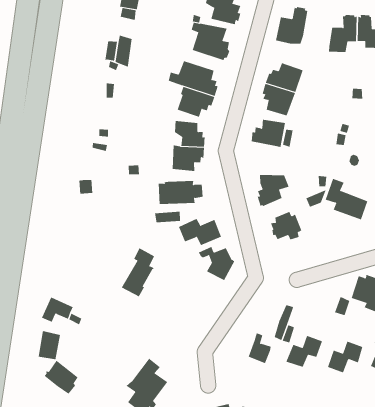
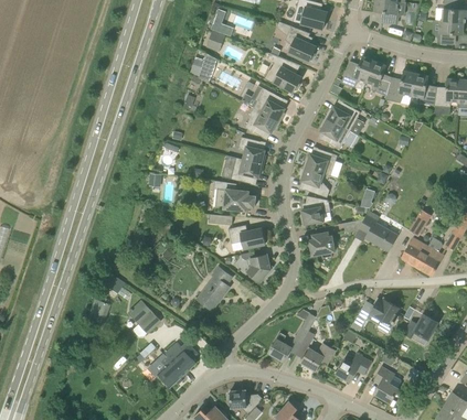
building: none -> [367,60,392,95]
building: none -> [301,165,330,196]
building: [121,248,155,297] -> [198,266,232,309]
building: [44,360,78,395] -> [129,300,159,332]

